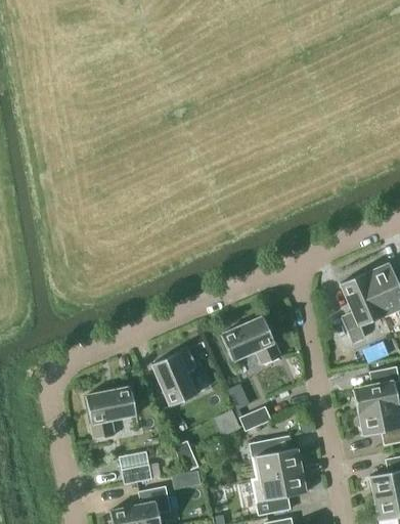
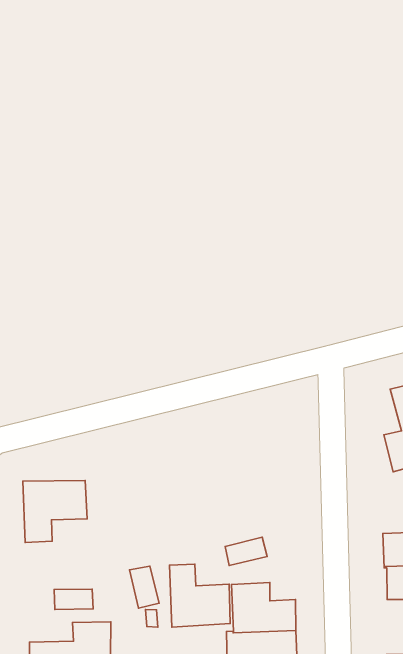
building: [220,316,280,365] -> none
building: [151,348,196,406] -> none
building: none -> [170,564,230,627]

